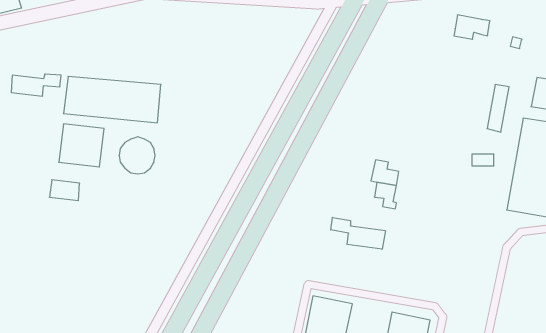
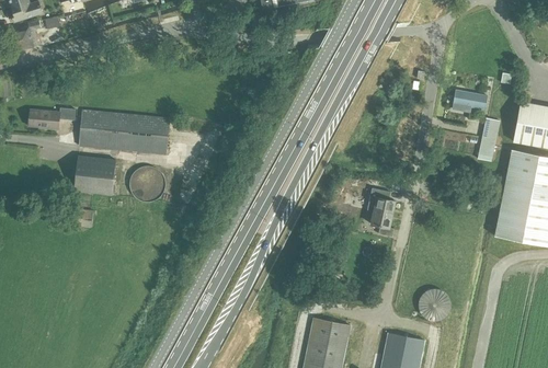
building: [454,15,490,39] -> [453,89,487,112]
building: [331,217,385,249] -> none
building: none -> [418,290,452,323]

